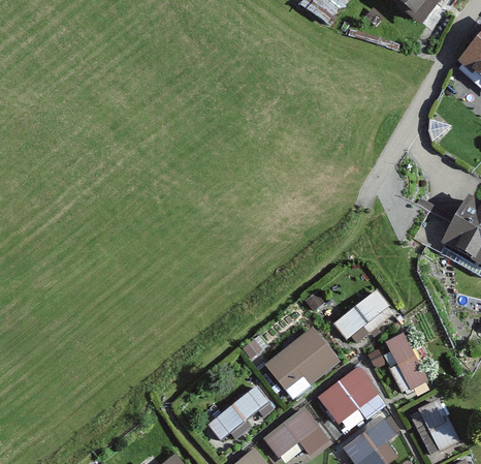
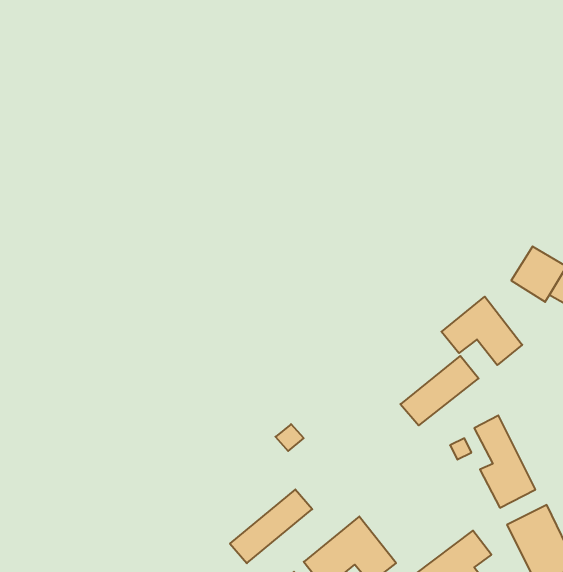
building: none -> [441,297,522,365]
building: [264,327,340,399] -> none
building: [318,366,378,423] -> none

